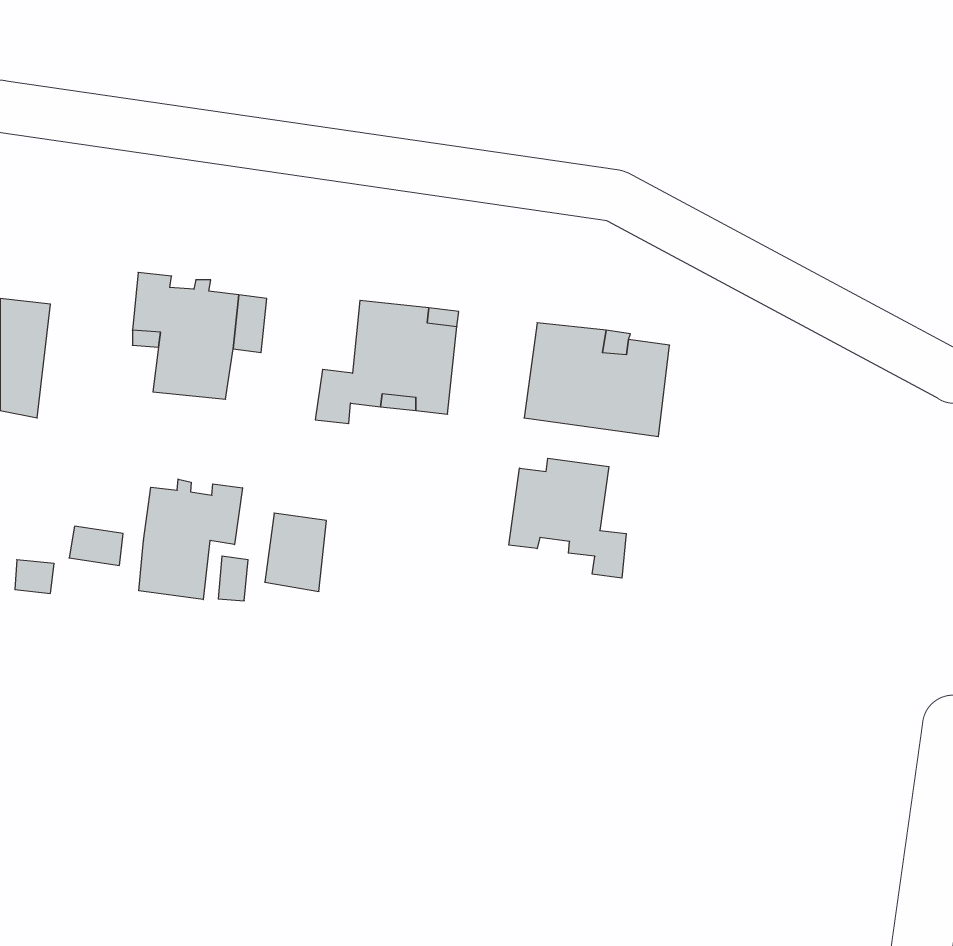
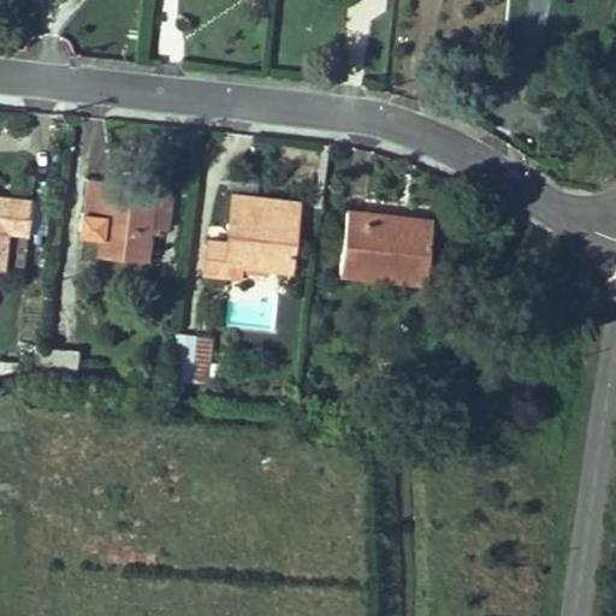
building: [509,458,626,578] -> none
building: [139,479,242,600] -> none

